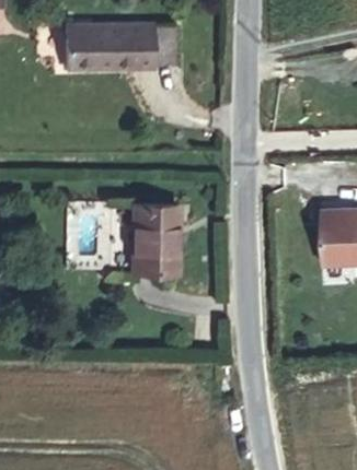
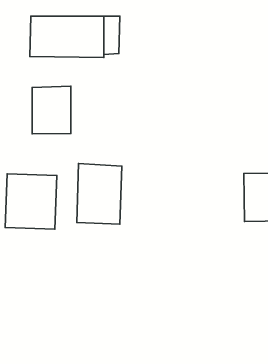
building: none -> [32,86,71,134]
building: none -> [5,174,57,229]

